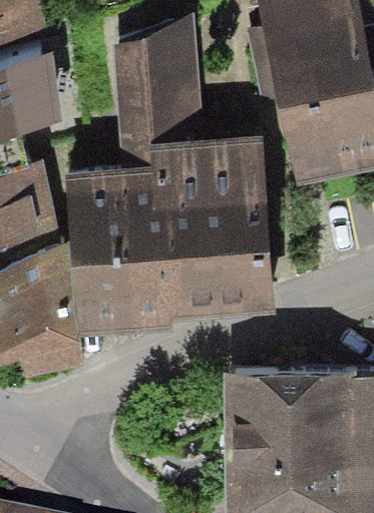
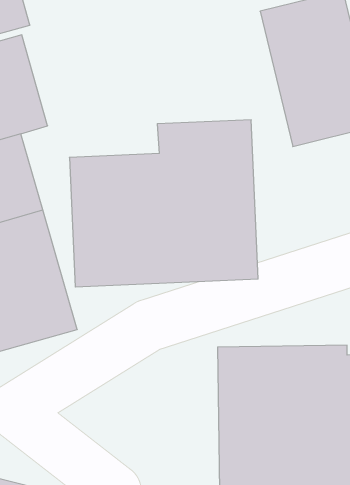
building: [109,32,205,129] -> none

